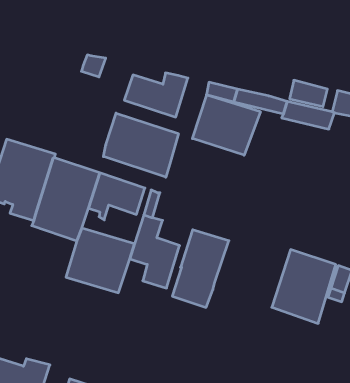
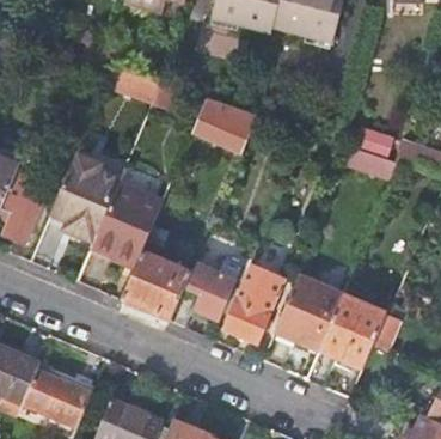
building: [192,95,260,155] -> none
building: [103,113,178,177] -> none
building: none -> [275,274,343,348]

